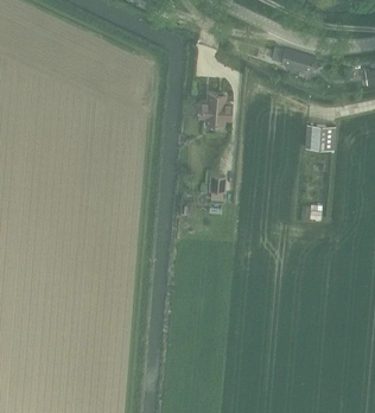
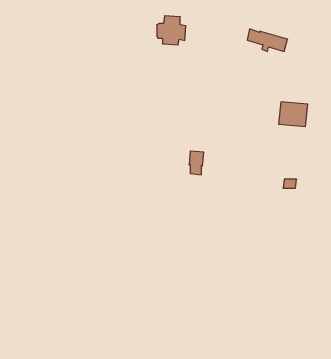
building: [199,95,230,126] -> [157,16,186,45]

